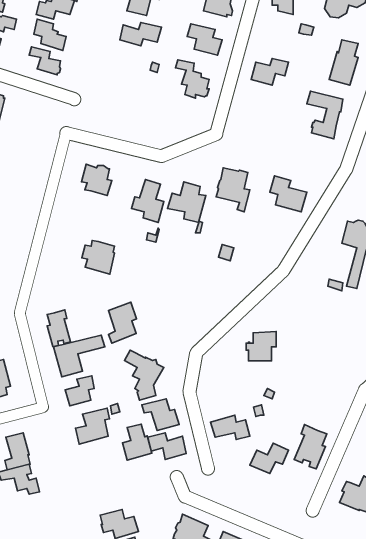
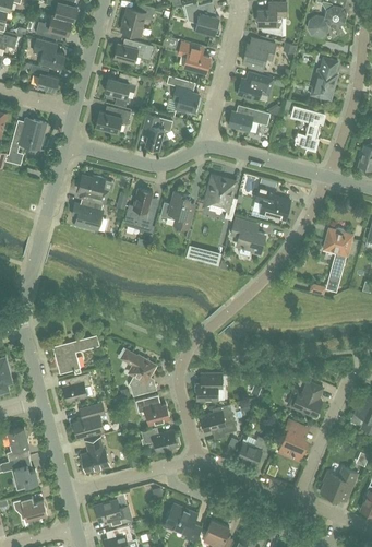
building: none -> [242,40,275,70]
building: none -> [104,74,137,97]
building: none -> [227,107,269,133]
building: none -> [95,108,130,132]
building: none -> [142,115,171,148]
building: none -> [8,118,46,157]
building: none -> [230,218,263,254]
building: [82,240,114,274] -> [71,199,101,230]
building: [109,302,136,343] -> none
building: [47,310,70,346] -> none
building: [246,332,276,361] -> [193,373,221,401]
building: none -> [287,381,322,417]
building: [123,424,152,460] -> [81,438,108,472]
building: none -> [12,497,46,520]

